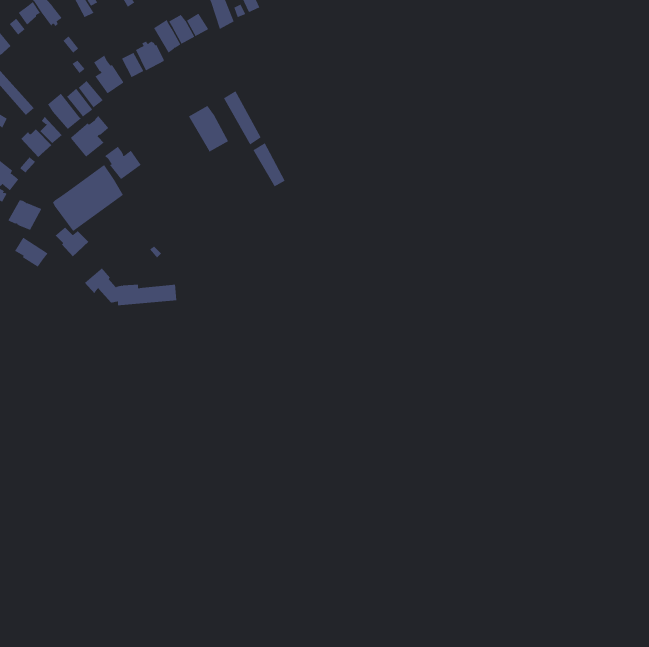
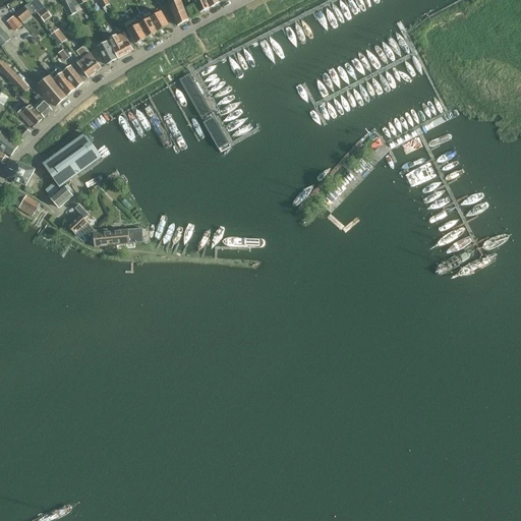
building: [188,105,229,152] -> none
building: [71,115,109,157] -> none
building: [104,146,141,180] -> none

